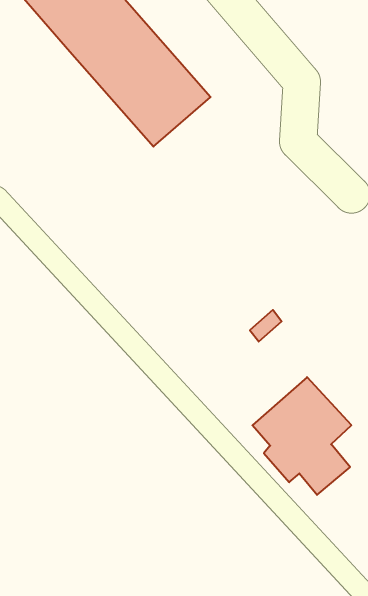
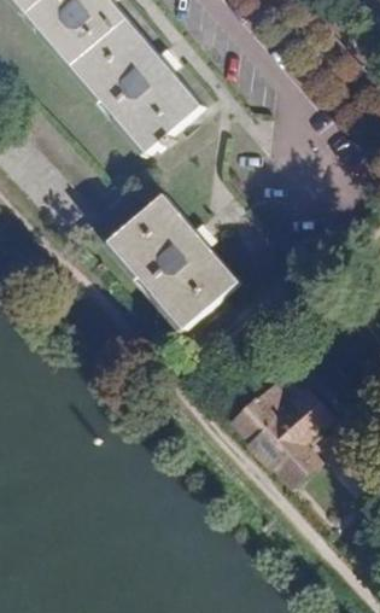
building: none -> [101,191,232,325]

